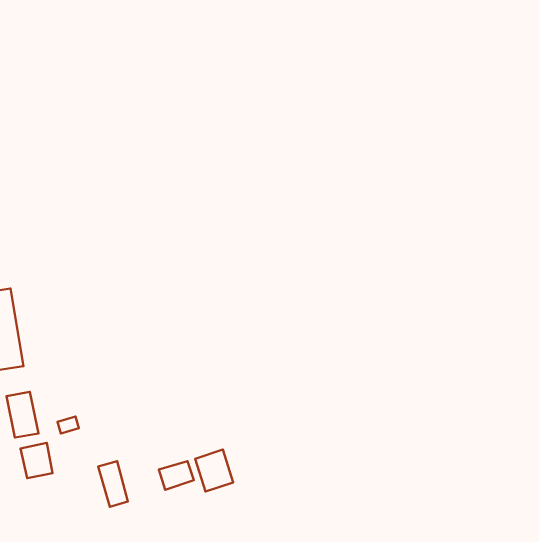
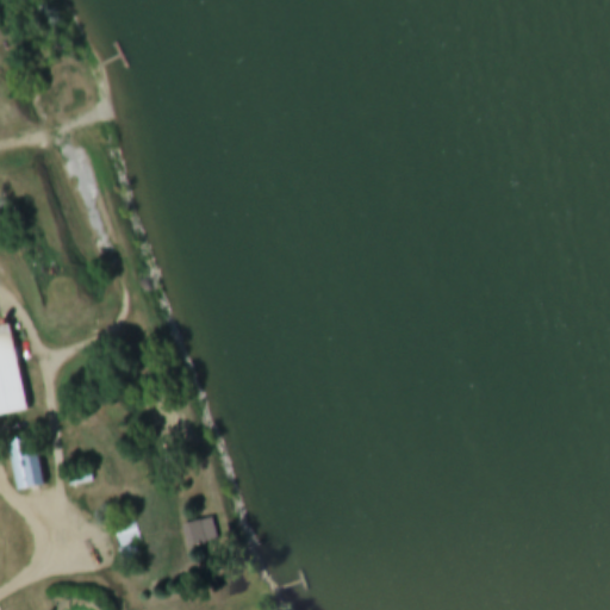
building: [20,443,53,478] -> none
building: [195,449,233,492] -> none

